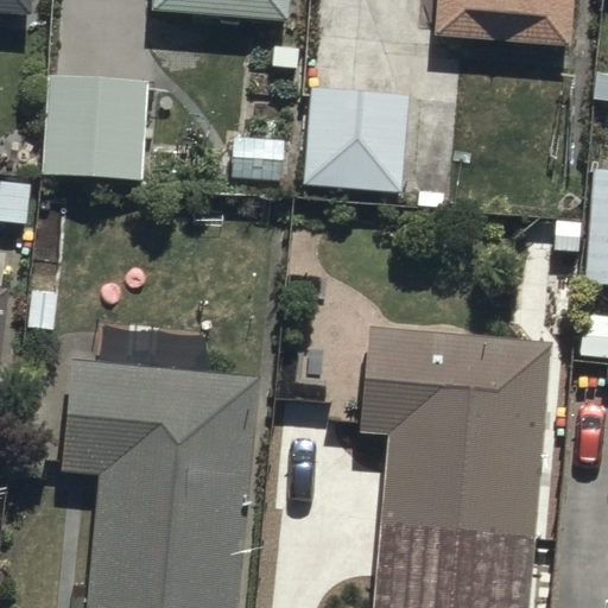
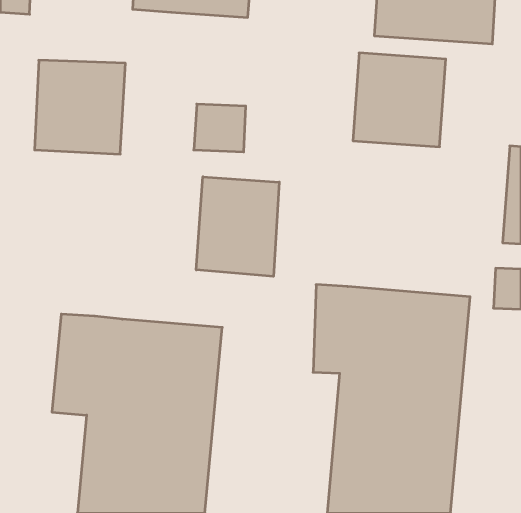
building: [300,84,408,194] -> [353,53,446,147]
building: none -> [196,177,279,276]

